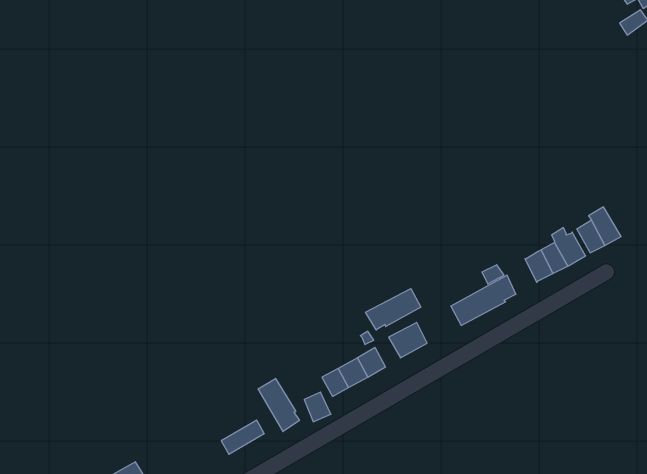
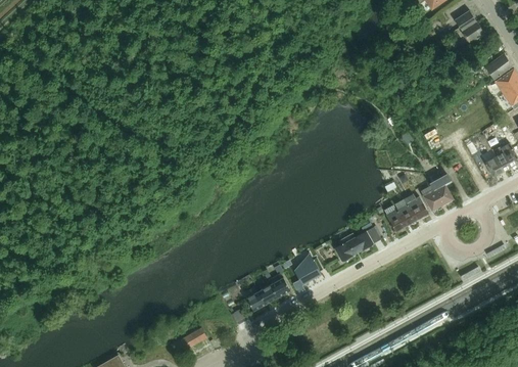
building: [366,289,421,330] -> none
building: [258,378,299,432] -> none

